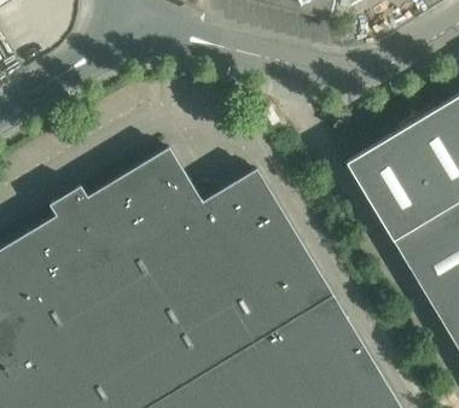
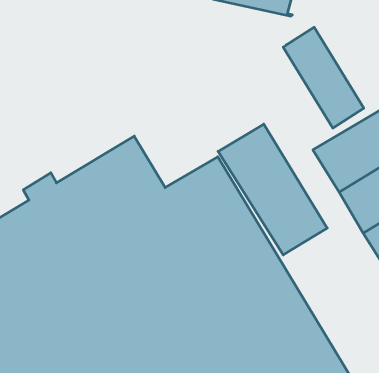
building: none -> [283,27,364,128]
building: none -> [218,124,327,255]

